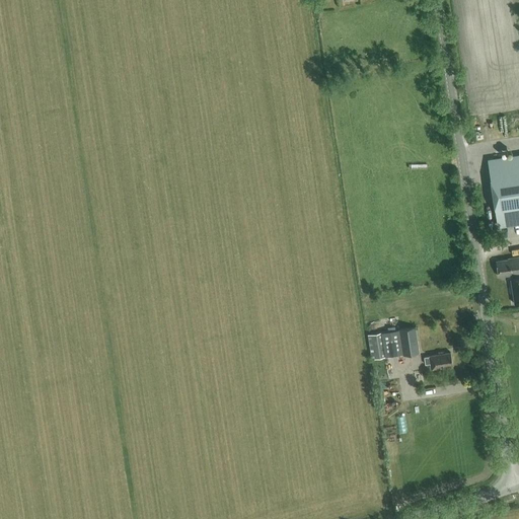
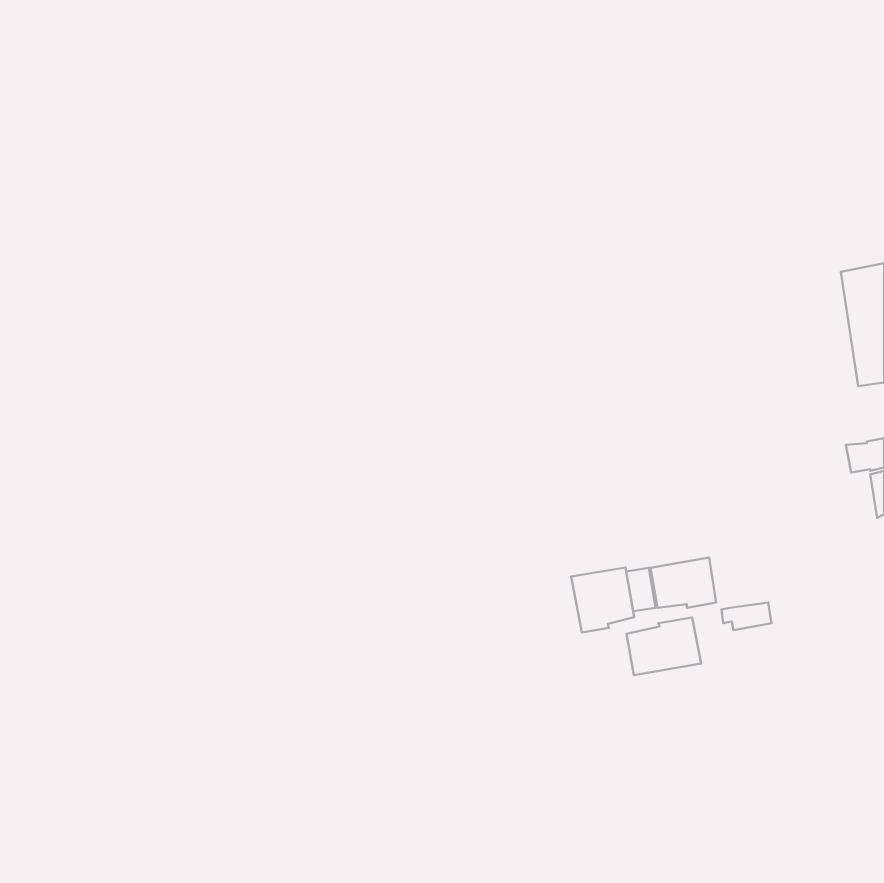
building: none -> [571,567,634,632]
building: none -> [627,617,701,675]

